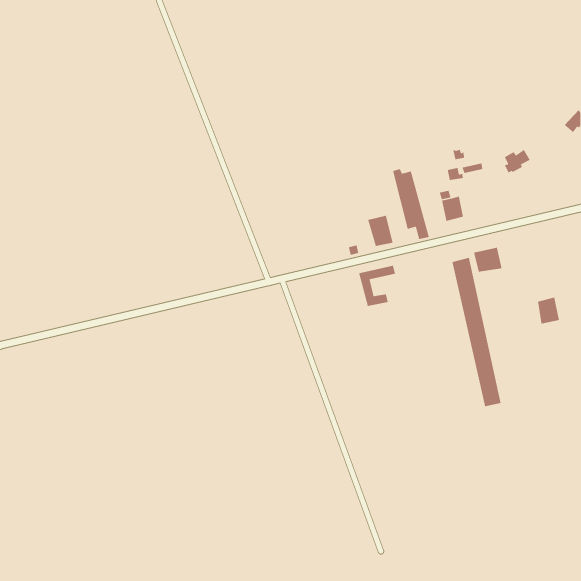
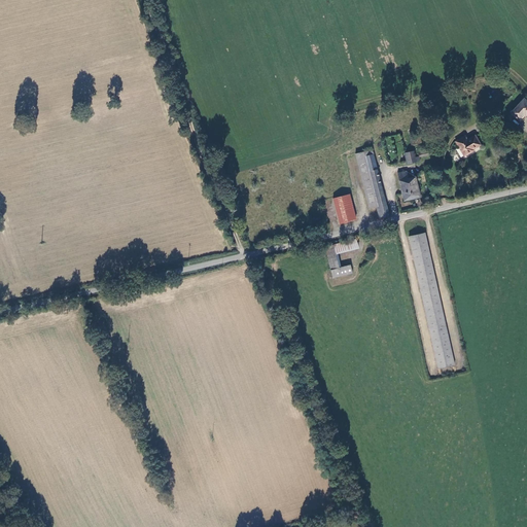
building: [473,247,503,273] -> none
building: [537,297,560,325] -> none

